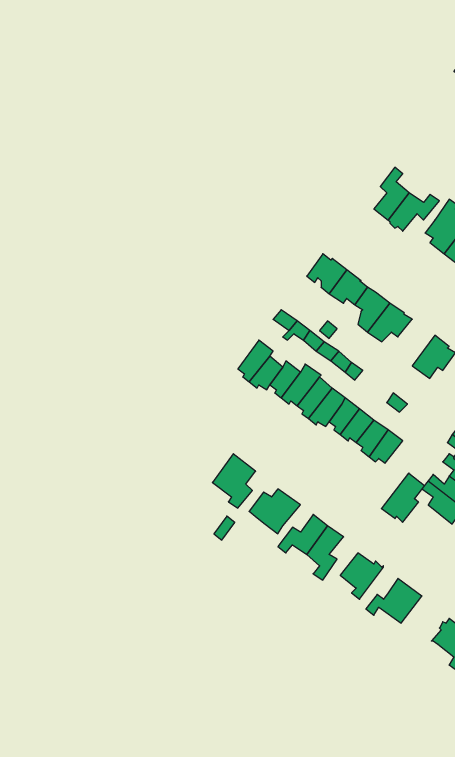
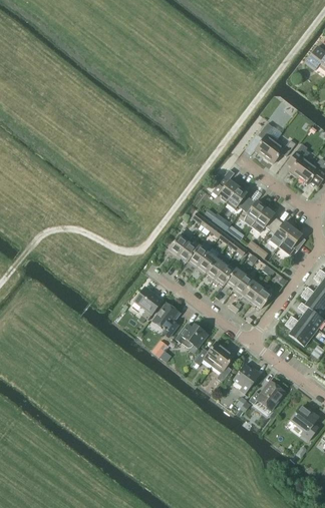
building: none -> [269,217,292,246]
building: none -> [133,286,161,319]
building: [381,473,425,522] -> none

